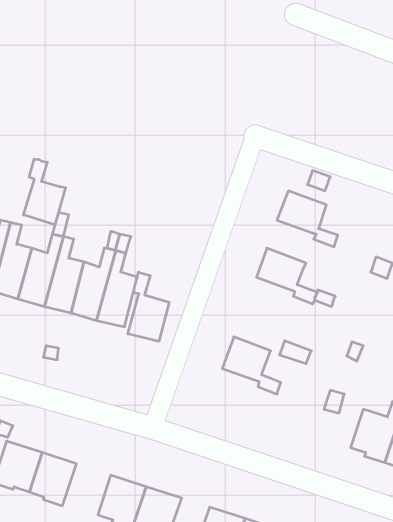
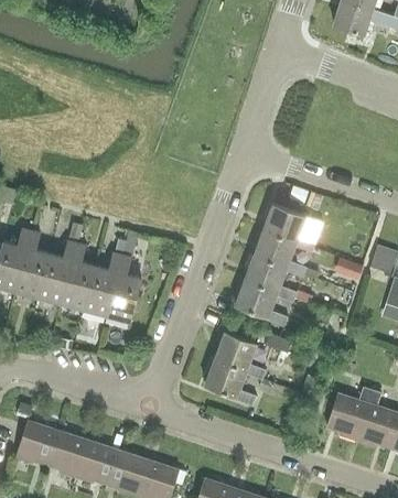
building: [23,159,66,225] -> none
building: none -> [254,229,306,278]
building: [128,272,169,341] -> none
building: none -> [235,279,288,327]
building: none -> [205,358,256,405]
building: none -> [76,441,118,485]

